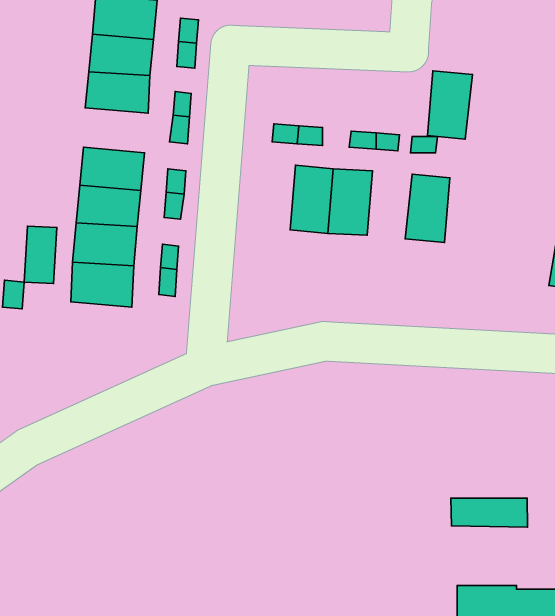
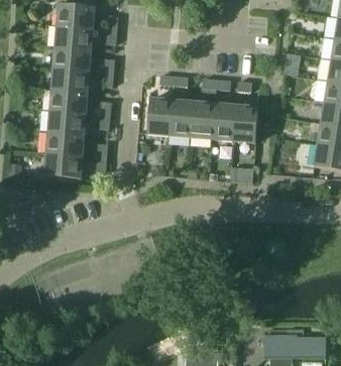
building: [428,71,472,139] -> [212,101,237,139]
building: none -> [52,66,89,91]
building: none -> [147,96,172,134]
building: [24,226,57,283] -> none
building: [451,498,528,527] -> none

